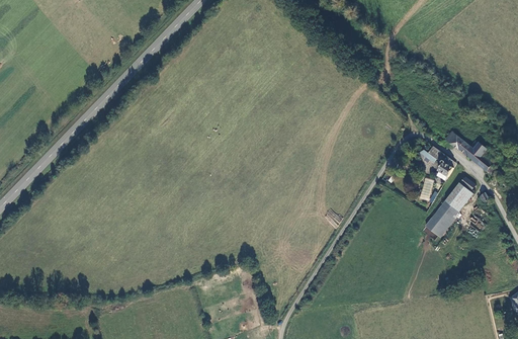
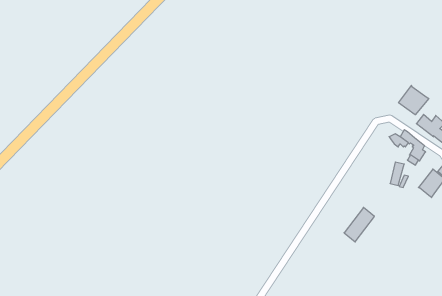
building: none -> [399,85,429,115]
building: [427,202,457,237] -> [344,207,374,242]

